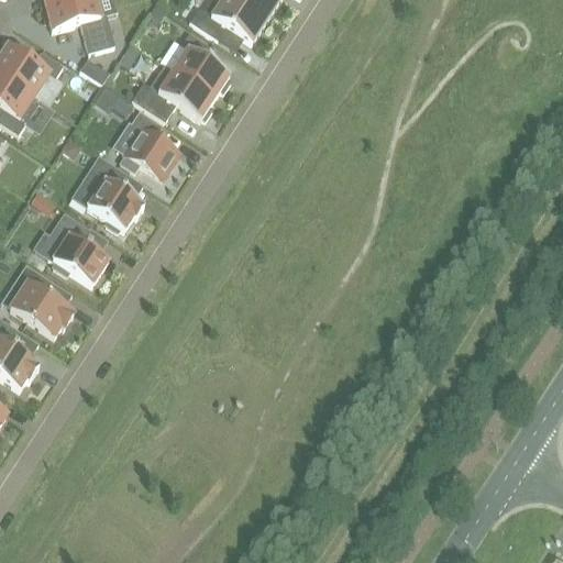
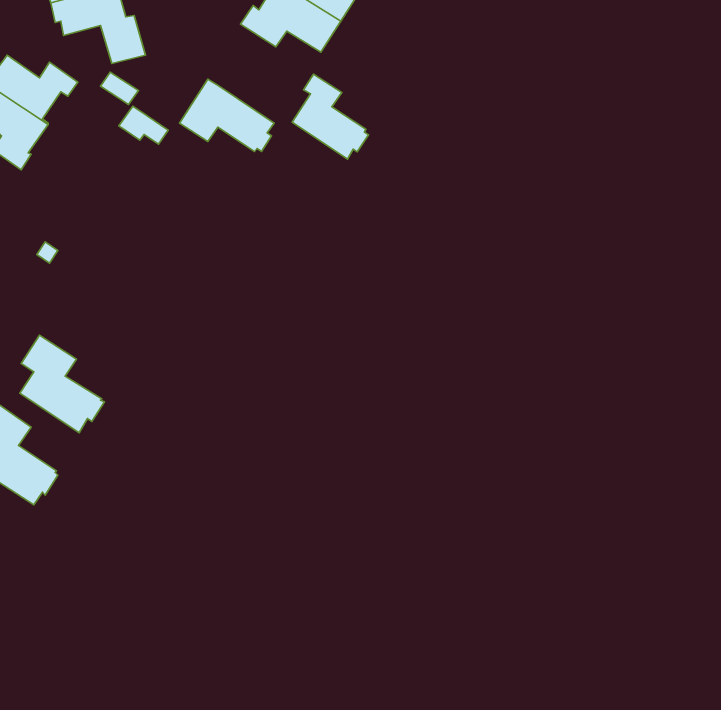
building: [170,30,230,96] -> [292,74,369,159]
building: [123,109,177,176] -> none
building: [81,152,142,229] -> none
building: [52,210,110,280] -> none

